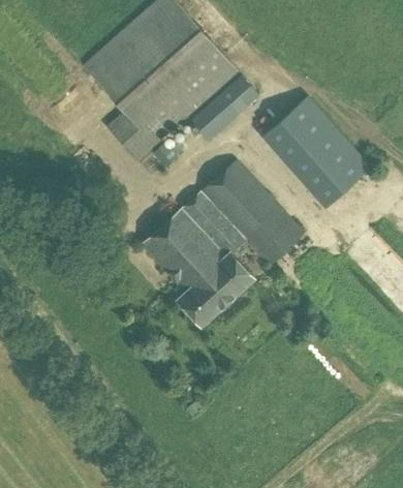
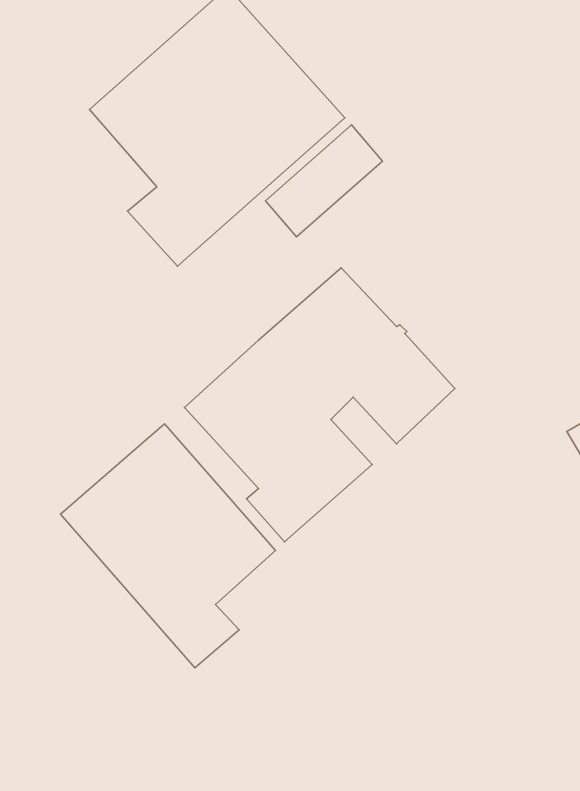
building: [264,98,370,208] -> none
building: none -> [60,424,275,668]

